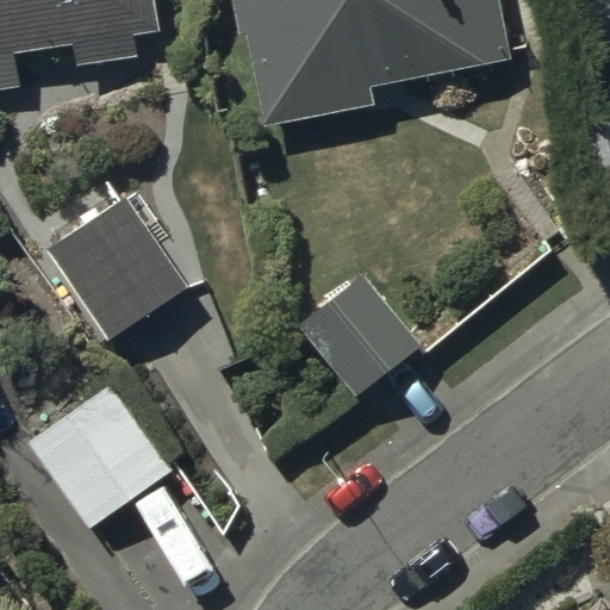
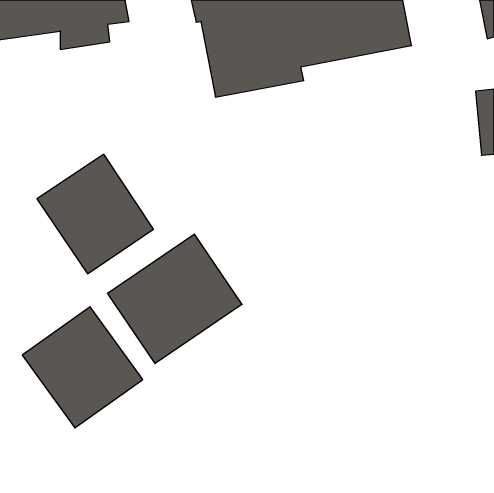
building: [298,272,422,398] -> none
building: none -> [108,234,242,364]

